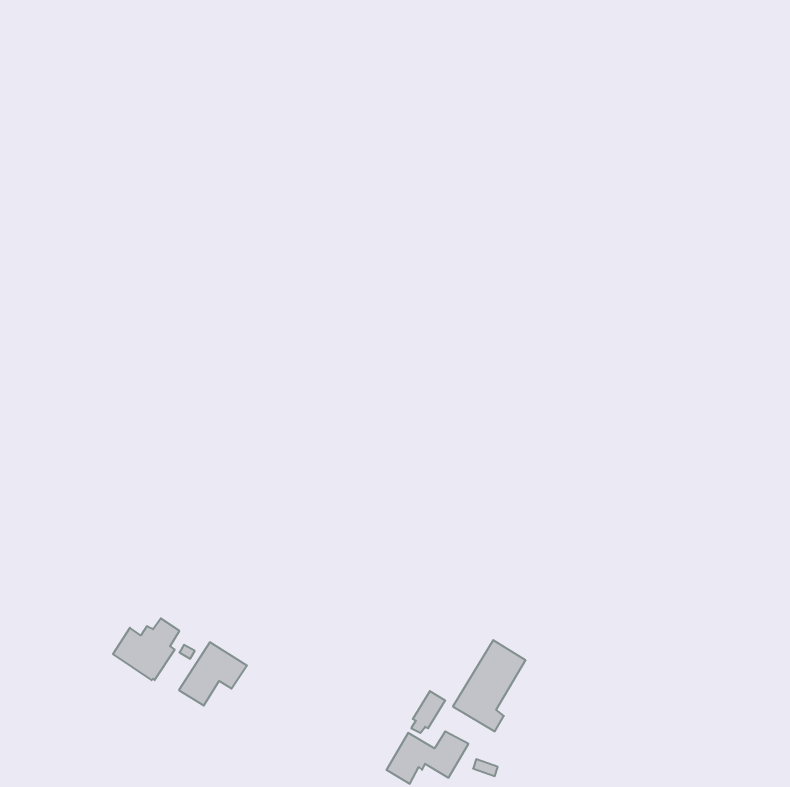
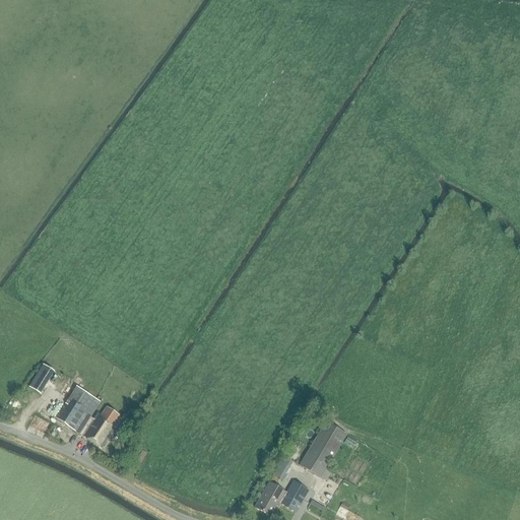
building: none -> [30,361,56,391]
building: [179,642,247,706] -> [55,385,100,427]

